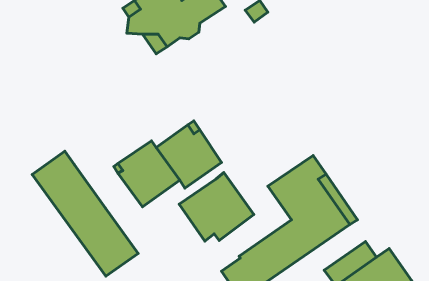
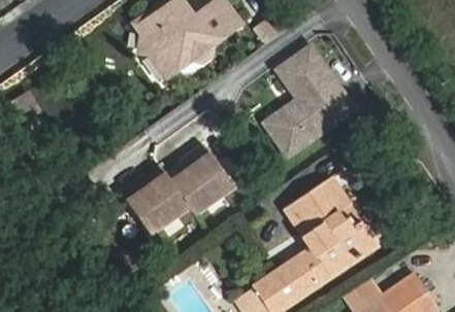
building: none -> [264,46,354,154]
building: [32,151,138,276] -> none
building: [179,173,254,241] -> none

